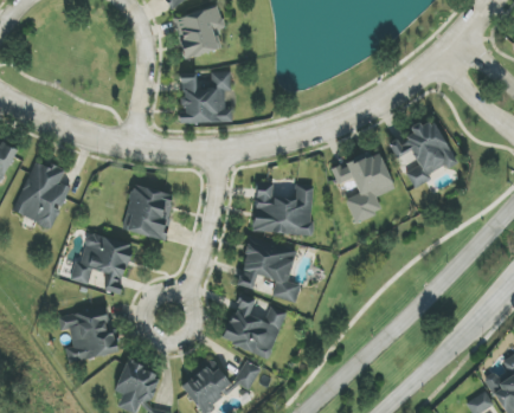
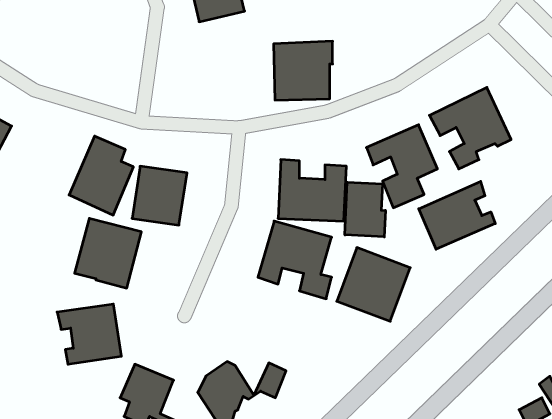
building: [179,71,231,123] -> [274,41,333,100]
building: [13,160,70,230] -> [69,136,133,215]
building: none -> [419,181,495,249]
building: none -> [345,182,385,237]
building: [221,293,287,359] -> [337,248,410,321]

